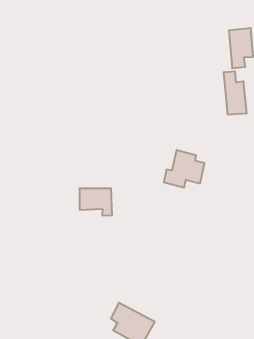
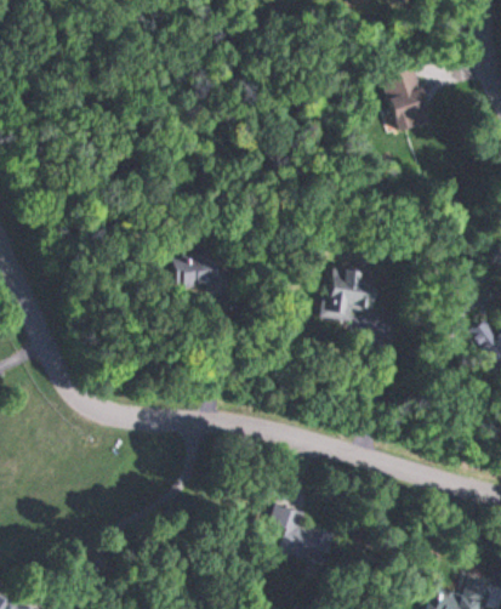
building: [224,71,246,115] -> none
building: [79,188,112,215] -> [172,250,227,292]

